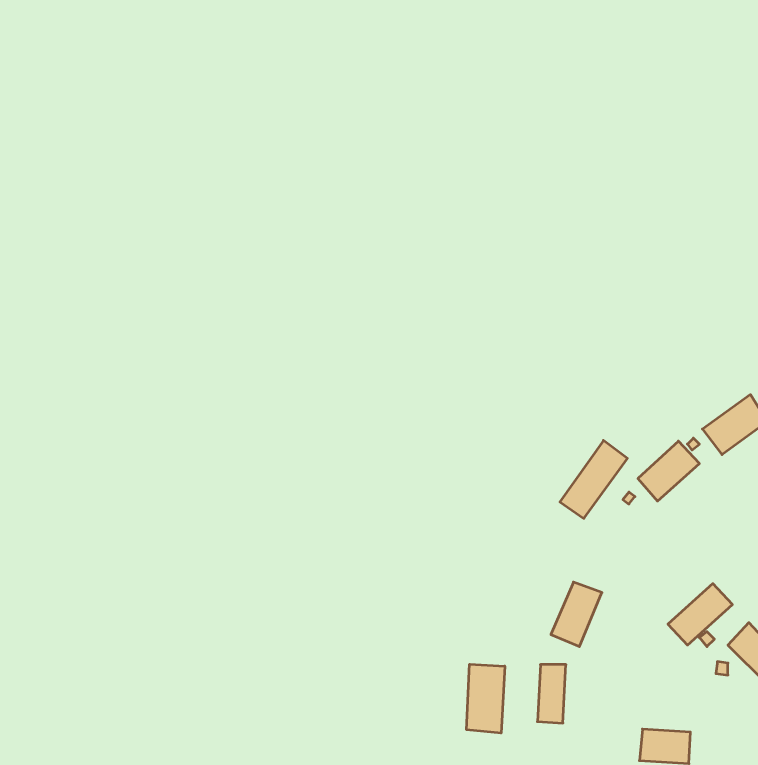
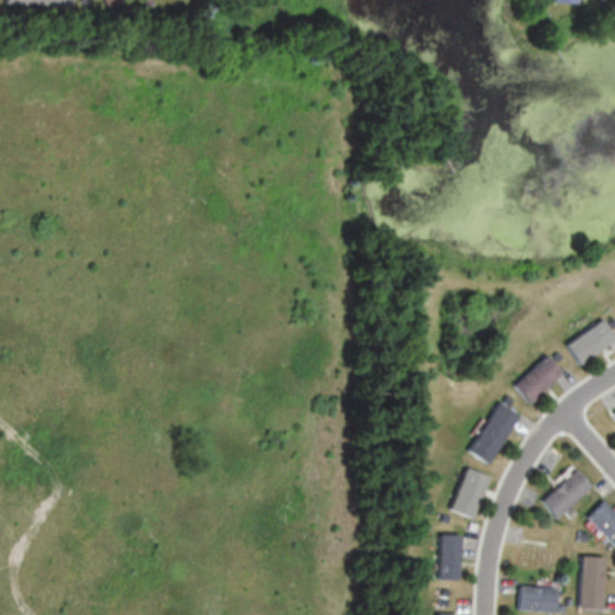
building: [560,440,627,518] -> [467,401,521,464]
building: [467,664,505,733] -> none
building: none -> [583,555,609,608]

